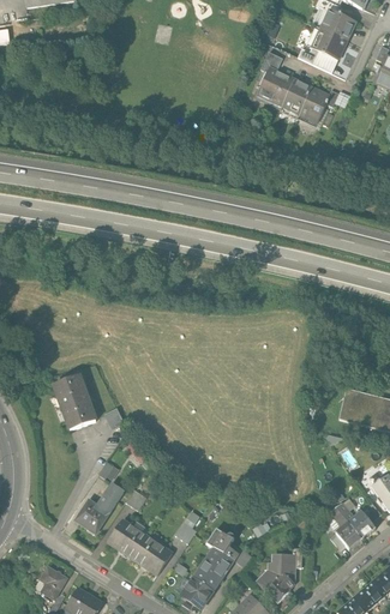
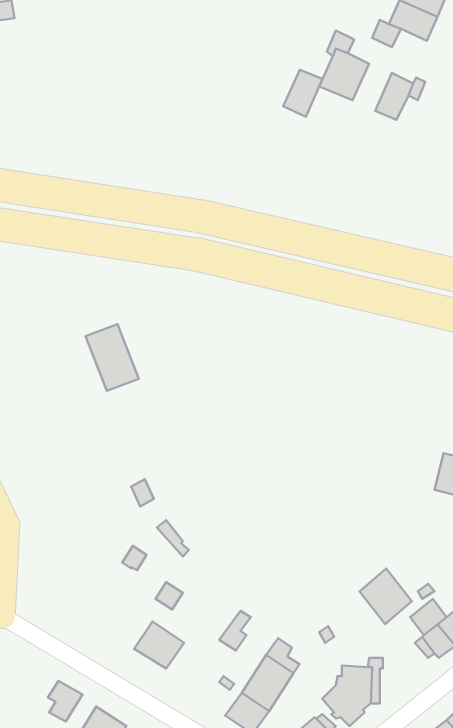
building: [281,78,312,115] -> [283,70,322,117]
building: [53,375,95,428] -> [86,324,139,391]
building: none -> [360,569,412,624]
building: [78,482,124,532] -> none
building: [133,536,172,573] -> none

